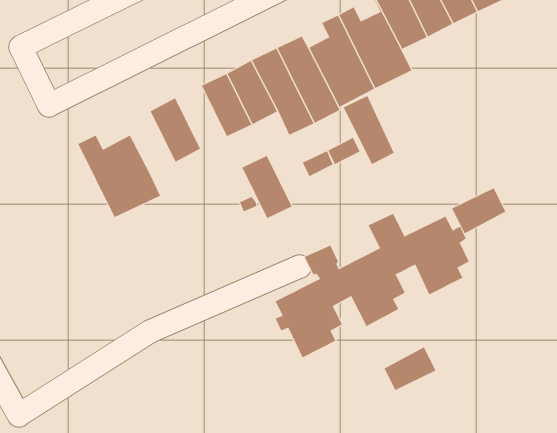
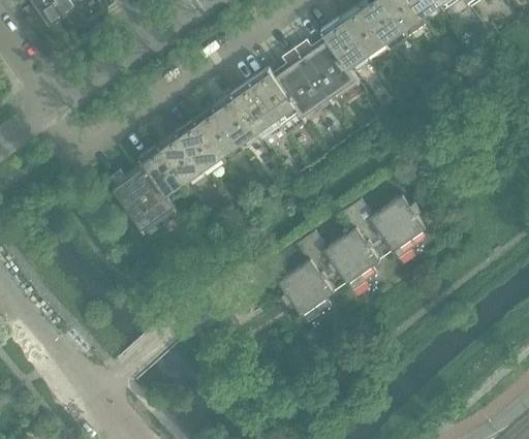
building: [343,95,395,165] -> none
building: none -> [139,145,184,194]
building: [241,155,292,219] -> [177,119,221,168]
building: [452,187,506,234] -> none
building: [384,346,436,391] -> none

